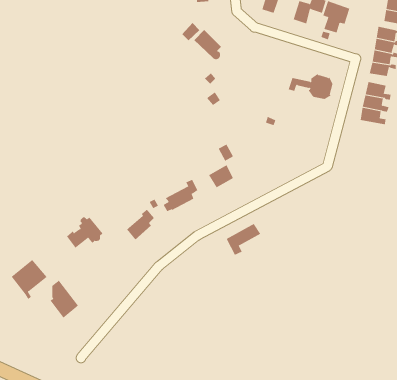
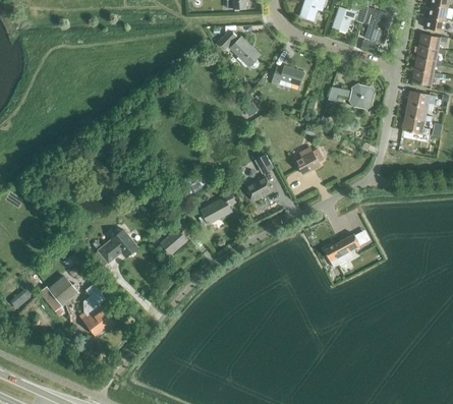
building: none -> [270,65,302,85]
building: none -> [295,145,323,174]
building: [226,223,261,256] -> [323,234,359,268]

